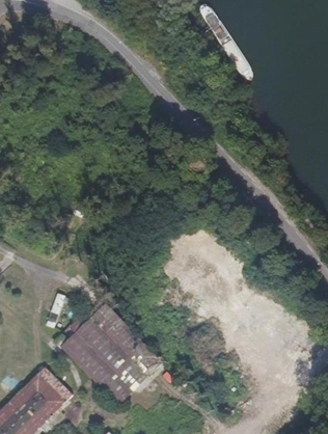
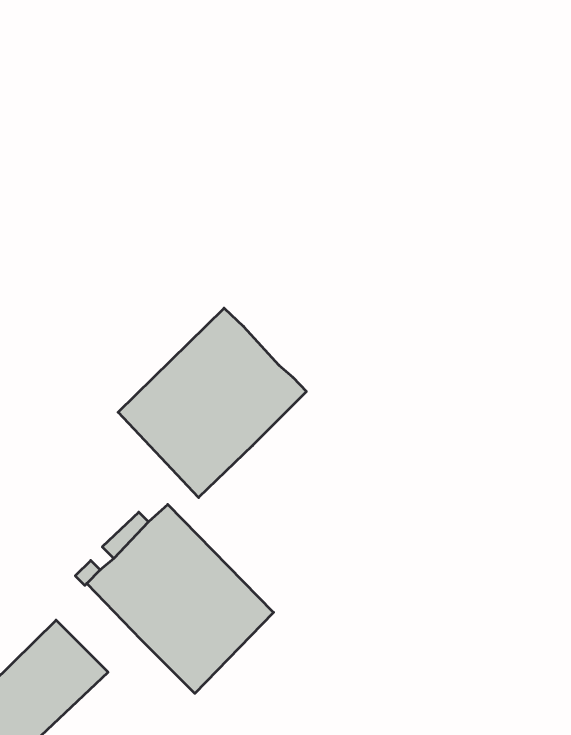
building: none -> [118,308,306,498]

